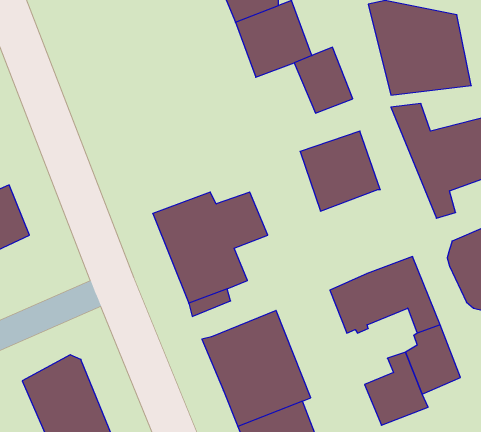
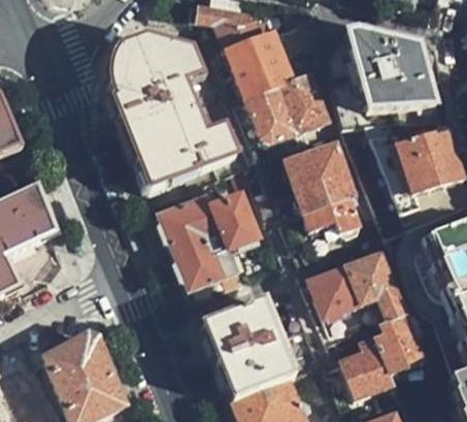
building: none -> [109,38,236,187]
building: none -> [246,85,298,142]
building: none -> [302,194,361,235]

